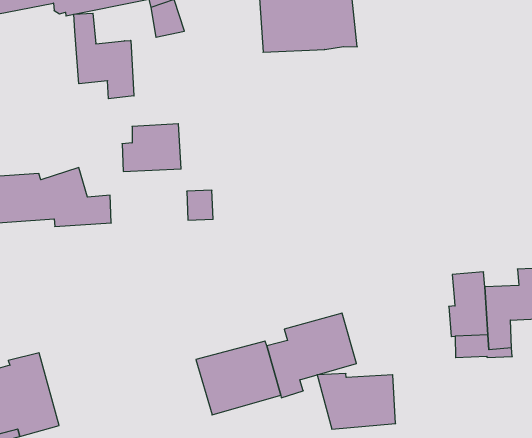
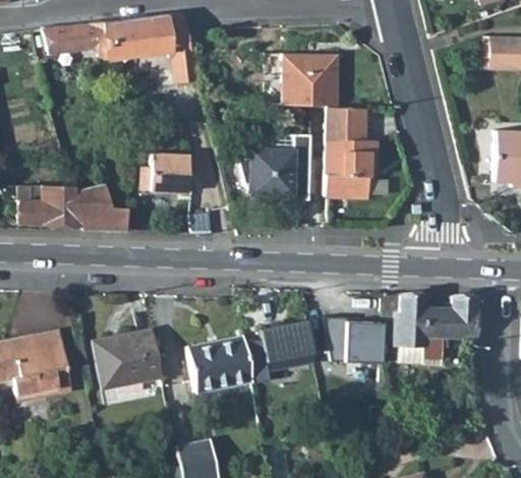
building: [74,13,134,99] -> none
building: none -> [325,105,378,200]
building: none -> [235,135,311,199]
building: none -> [94,330,163,389]
building: [317,374,396,429] -> [324,318,385,363]

